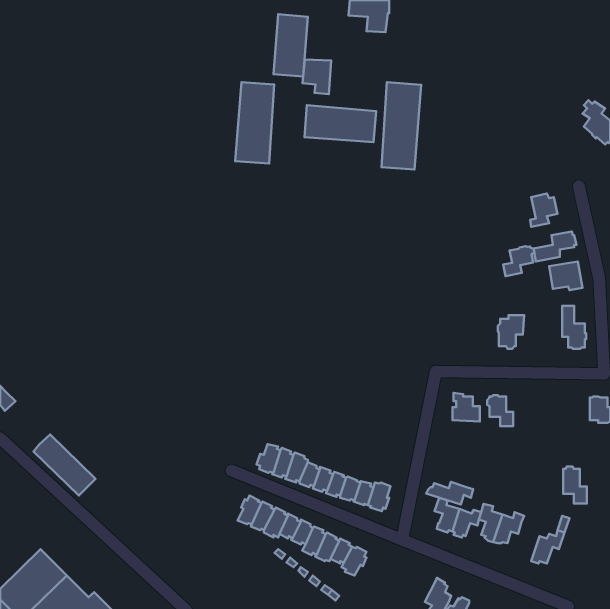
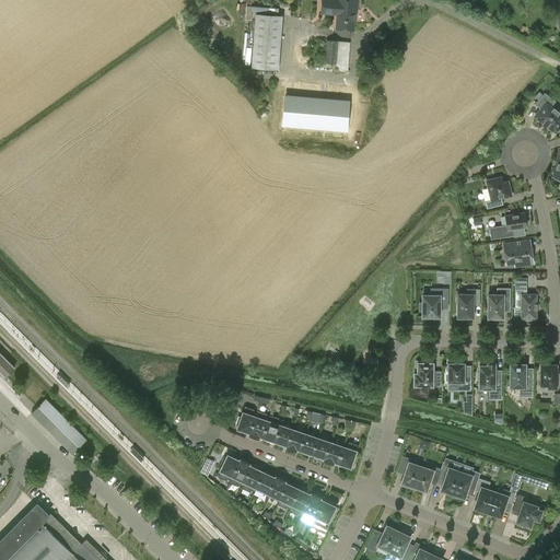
building: [303,59,331,94] -> [324,42,350,73]
building: [235,82,274,164] -> none
building: [381,82,421,170] -> none
building: [503,246,534,276] -> none
building: none -> [488,289,510,320]
building: none -> [419,290,447,318]
building: none -> [477,364,501,397]
building: [563,466,587,503] -> [510,363,532,397]
building: [426,482,473,504] -> none
building: none -> [474,479,494,515]
building: none -> [512,494,542,527]
building: none -> [366,524,399,552]

